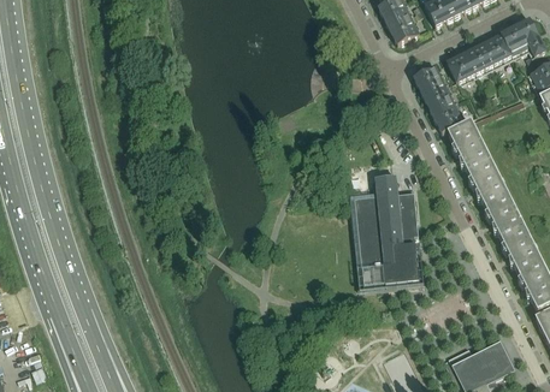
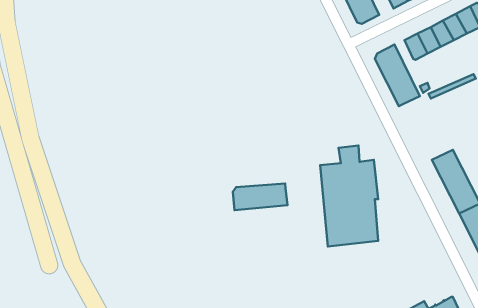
building: [446,121,503,192] -> none
building: none -> [233,183,288,210]

